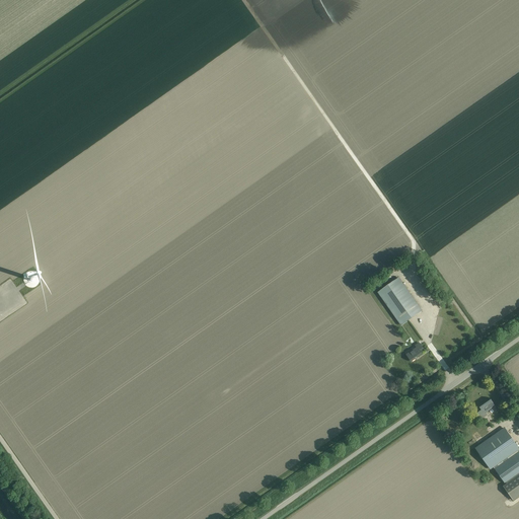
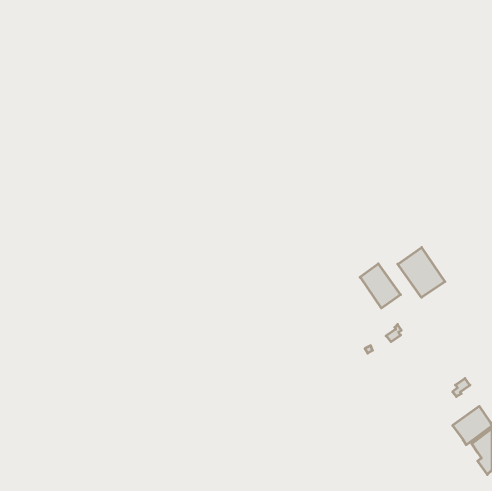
building: none -> [398,247,445,297]

